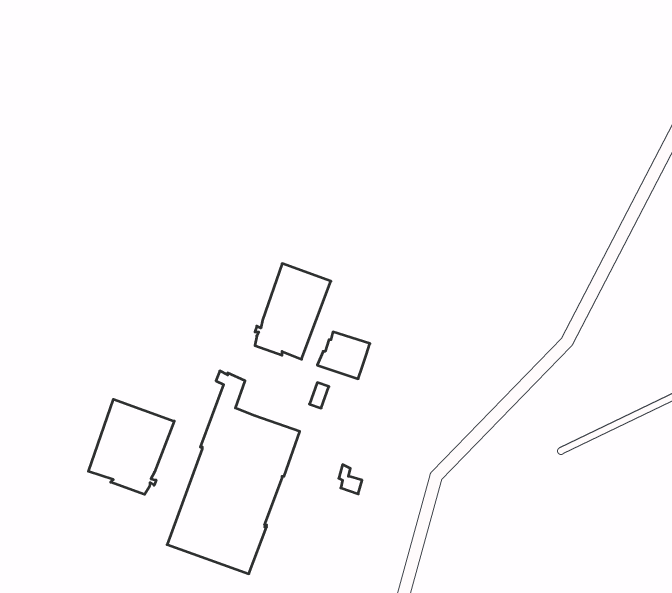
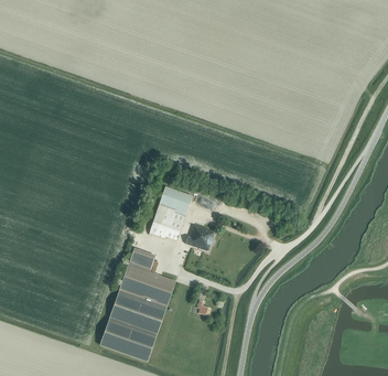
building: [88,399,174,494] -> none

